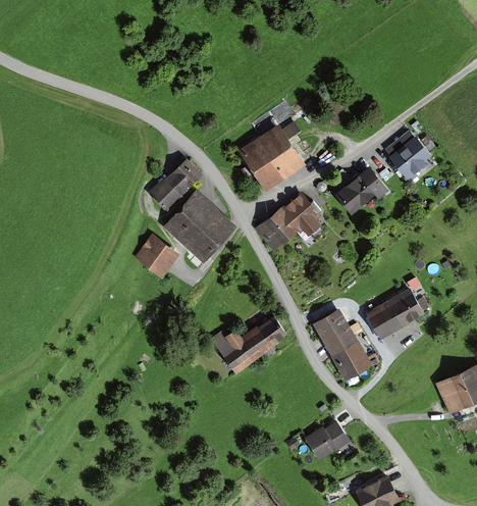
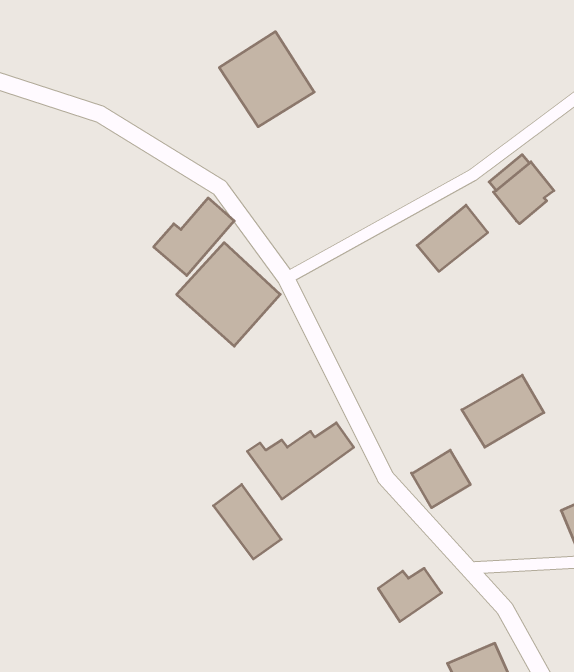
building: [240,124,307,192] -> [219,32,314,127]
building: [257,193,323,251] -> none
building: [135,236,179,279] -> none
building: [311,307,357,355] -> none
building: none -> [213,484,281,559]

